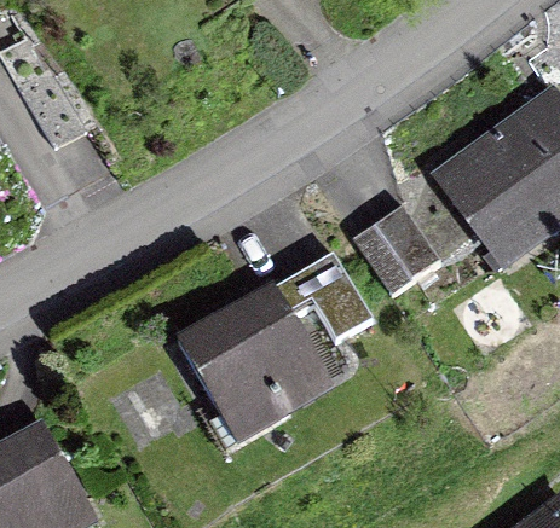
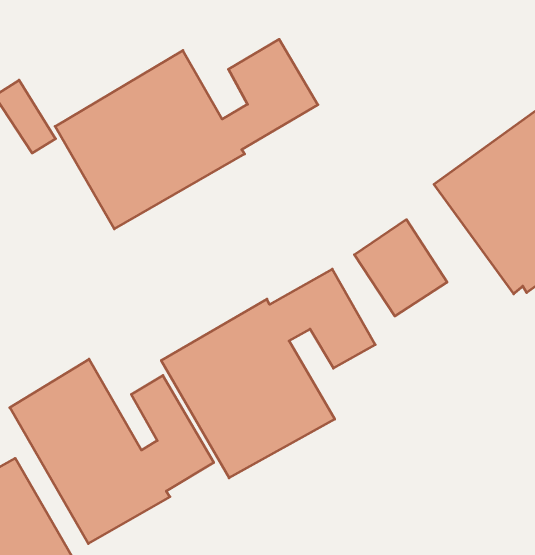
building: none -> [55,39,318,229]
building: none -> [10,359,214,544]

